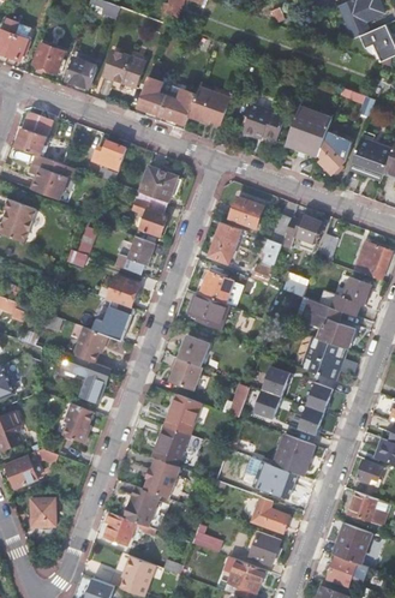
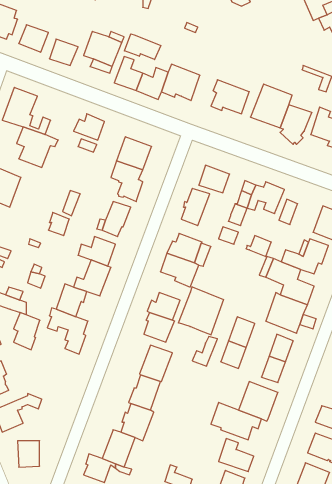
building: none -> [124,34,161,60]
building: none -> [178,287,224,335]
building: [65,402,94,443] -> [14,312,40,350]

